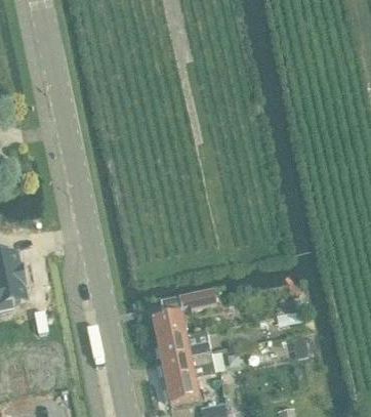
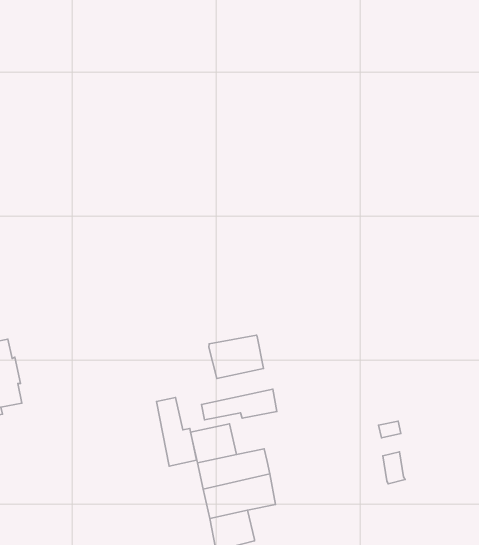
building: none -> [209,335,264,379]
building: none -> [157,397,196,466]

